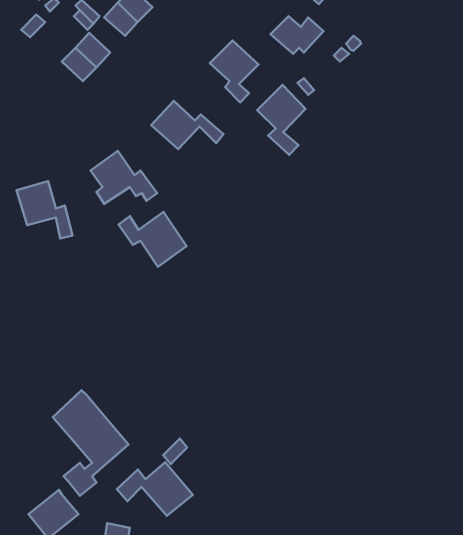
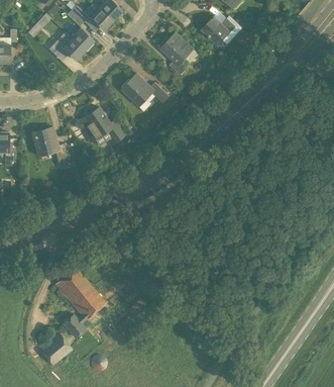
building: [257,85,306,155] -> none
building: [118,212,187,267] -> none
building: [117,462,193,516] -> none

